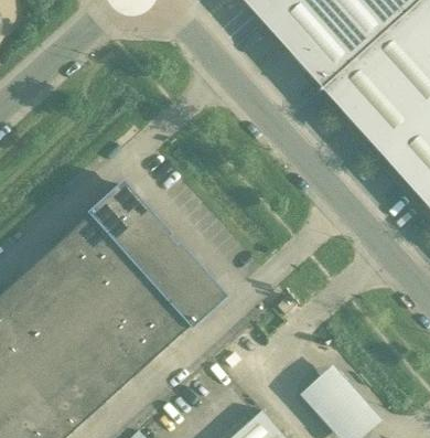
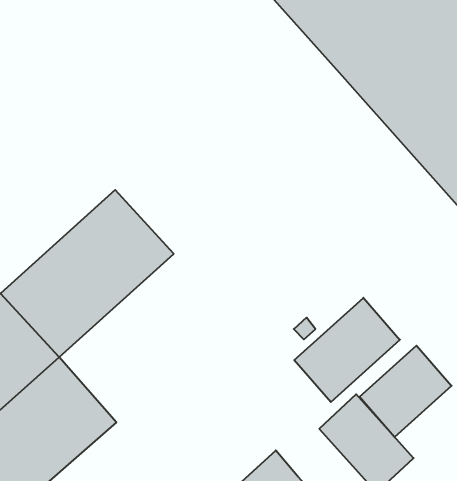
building: [75,239,224,385] -> none
building: none -> [294,298,400,402]
building: none -> [360,346,452,437]

